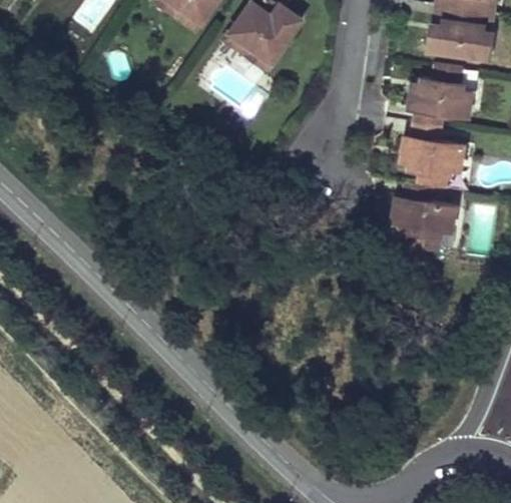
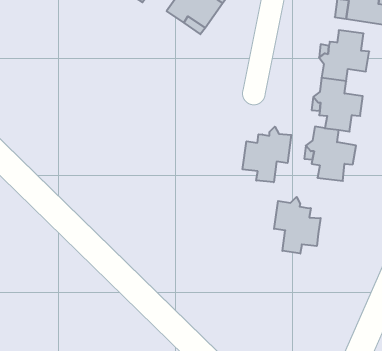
building: none -> [243,127,291,182]
building: none -> [274,197,321,254]

